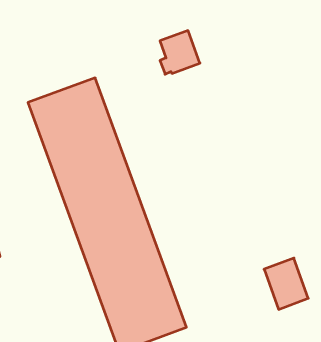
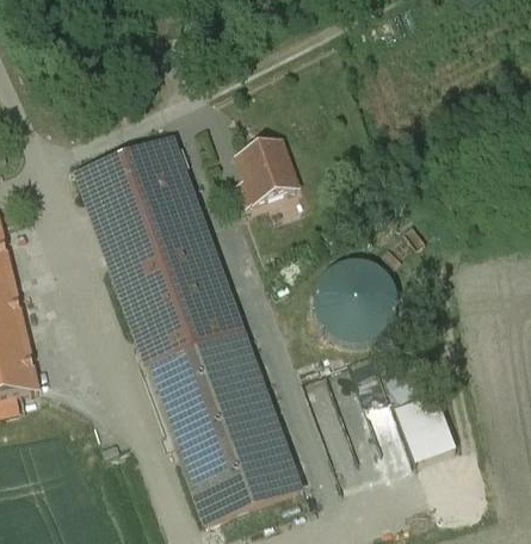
building: [160,31,200,74] -> [239,140,295,200]
building: none -> [316,258,395,335]

